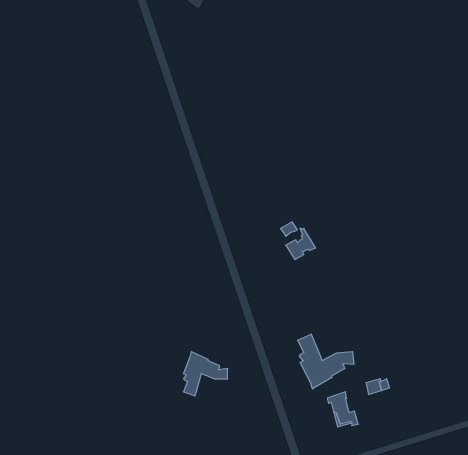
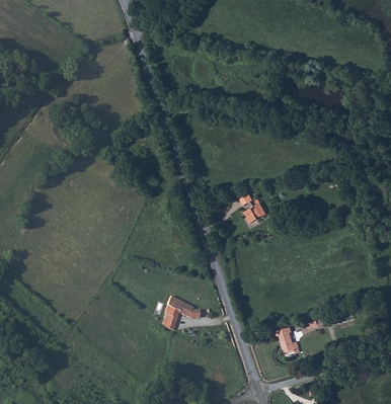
building: [298,334,354,389] -> none

